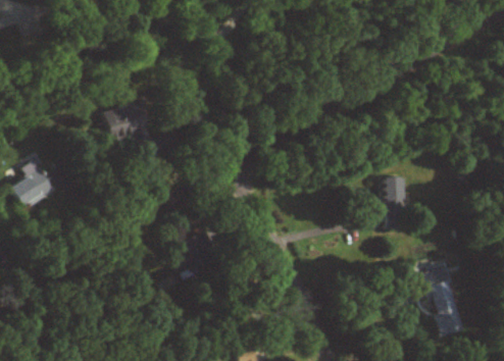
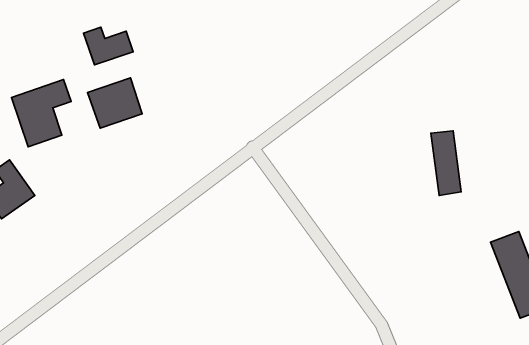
building: none -> [84,27,133,65]
building: none -> [11,79,71,147]

